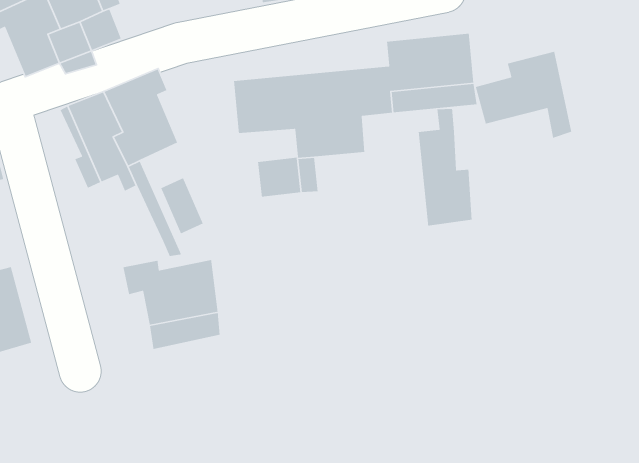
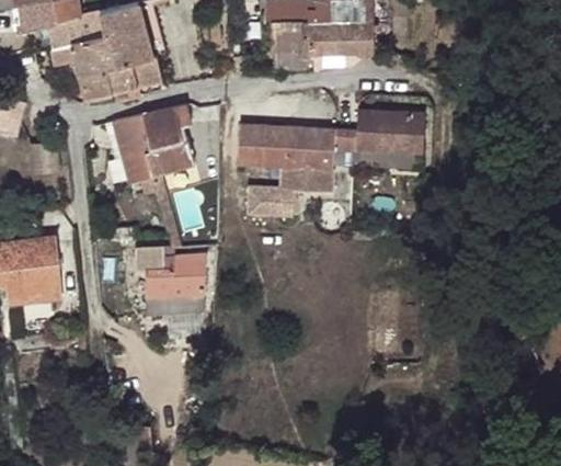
building: [475,51,572,139] -> none
building: [418,108,473,226] -> none

